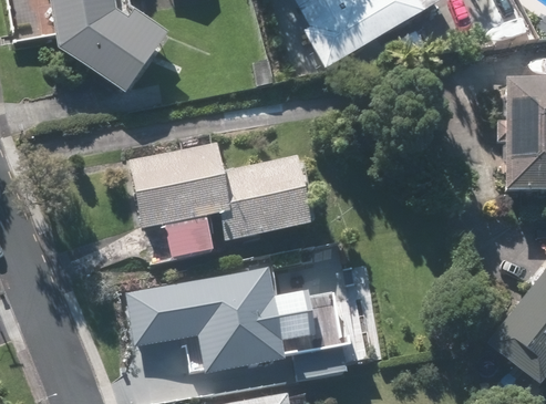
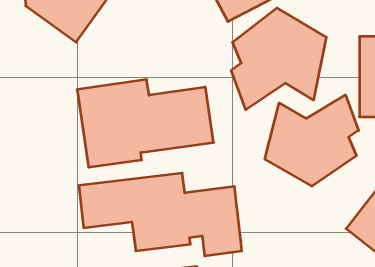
building: none -> [231,8,326,110]
building: none -> [265,95,359,186]

